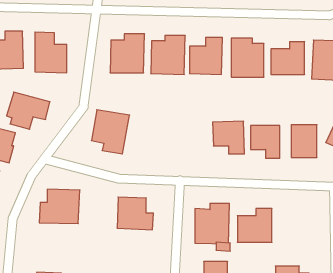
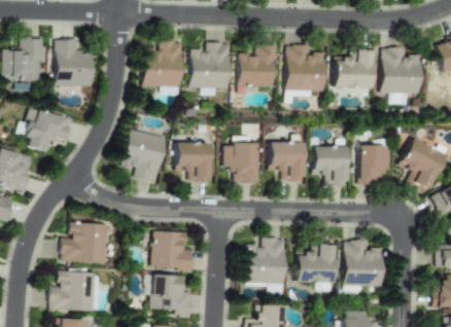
building: none -> [177,143,212,182]
building: none -> [223,144,253,182]
building: none -> [343,242,382,287]
building: none -> [51,271,99,311]
building: none -> [151,275,195,315]

